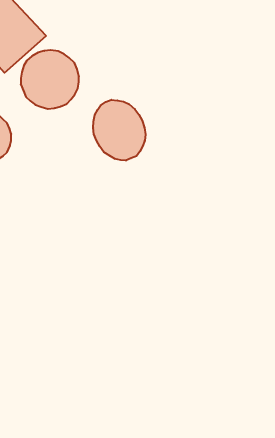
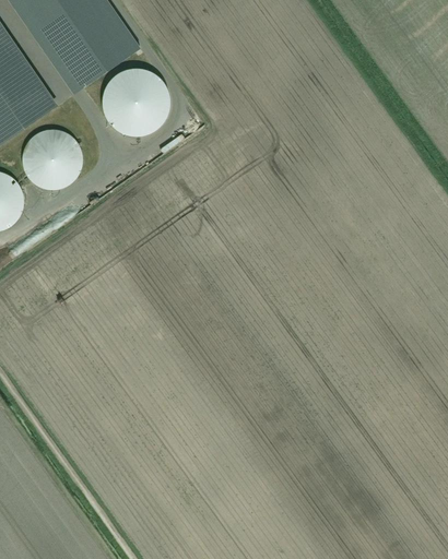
building: [93,100,146,161] -> none

